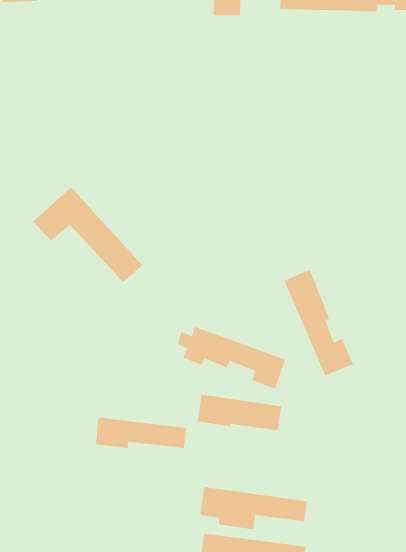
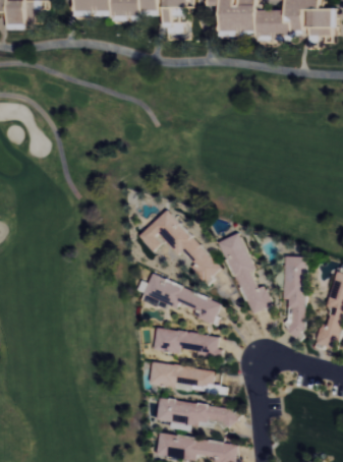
building: [32,187,143,283] -> [138,210,223,283]
building: none -> [284,256,308,338]
building: [95,417,187,449] -> [150,362,220,387]

